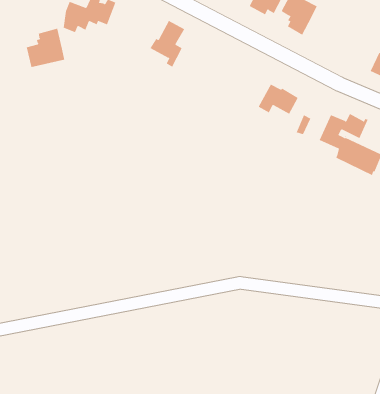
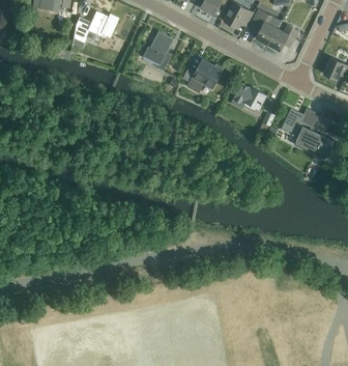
building: none -> [268,25,298,51]
building: [26,28,65,68] -> none
building: none -> [183,59,224,92]

